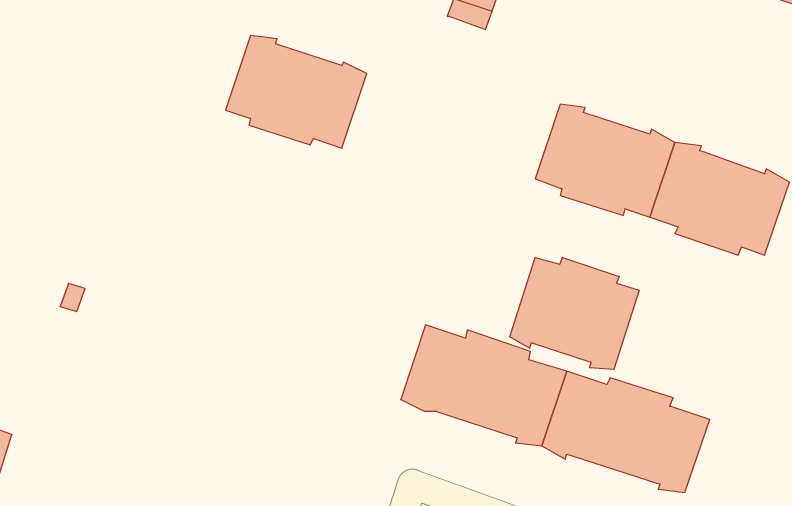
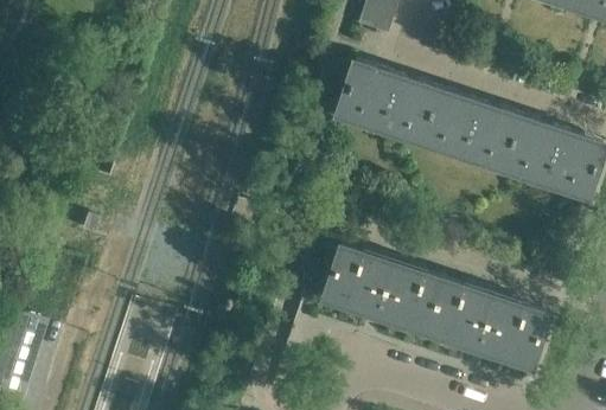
building: [226,35,367,148] -> [334,62,435,142]
building: [510,257,639,370] -> none

